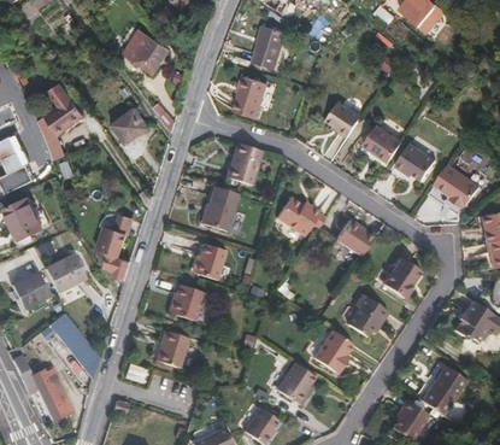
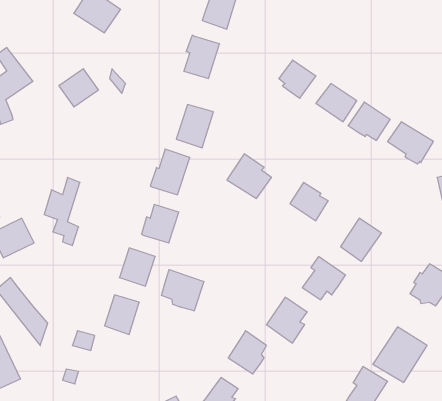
building: none -> [162,270,204,311]

